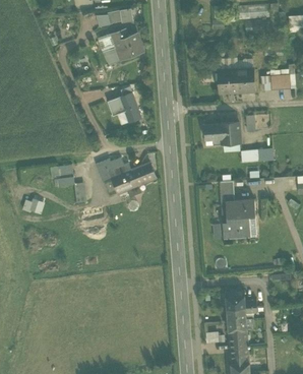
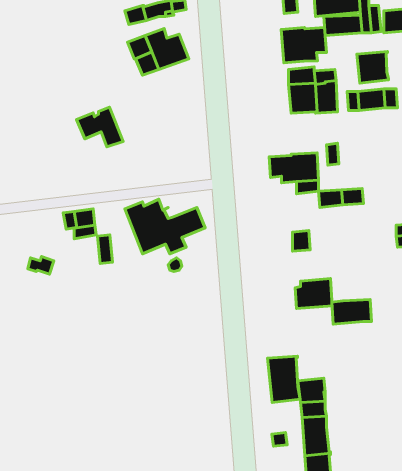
building: none -> [281,27,326,63]
building: none -> [357,52,389,83]
building: [107,92,141,122] -> [77,107,123,147]
building: [226,199,255,217] -> [332,300,371,324]
building: none -> [268,356,300,403]

